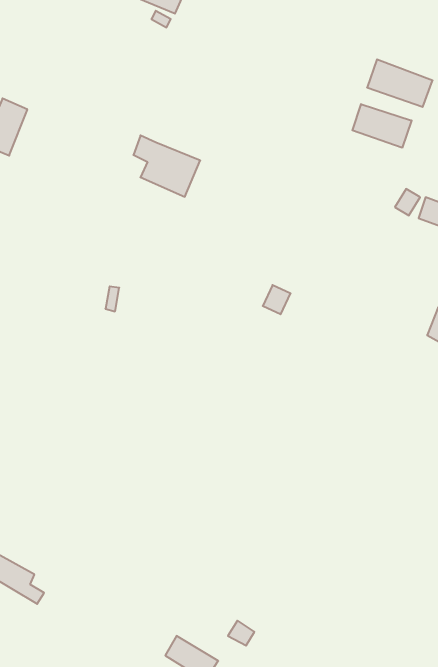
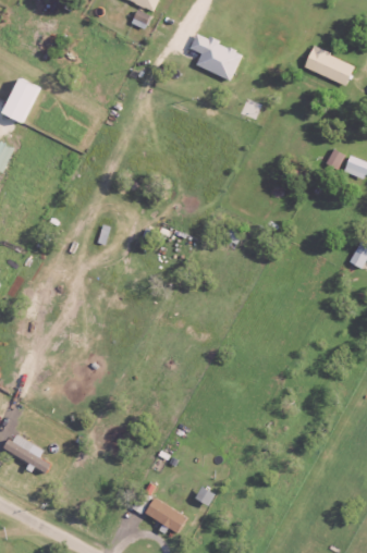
building: [352,104,412,148] -> none
building: [133,135,200,197] -> [189,33,242,81]

